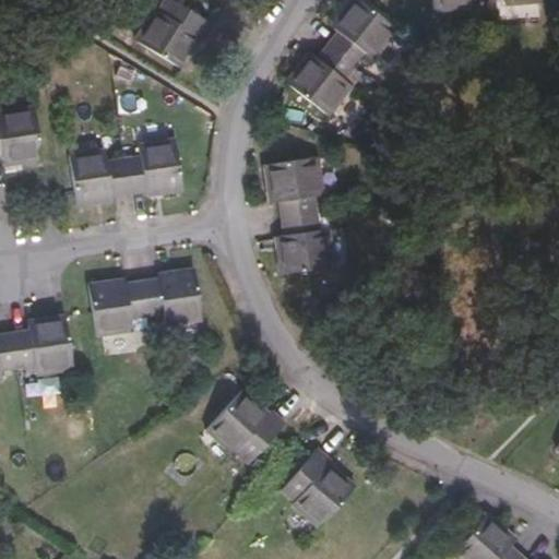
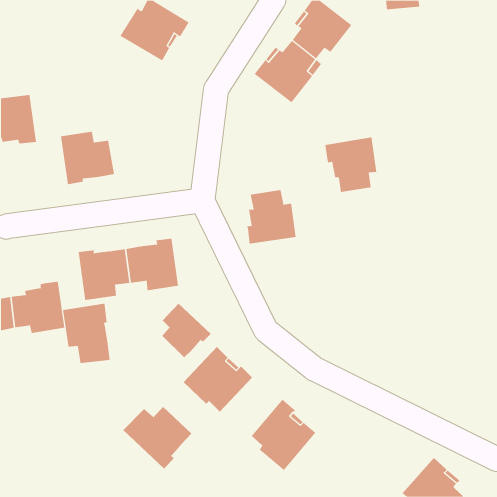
building: [122,138,182,195] -> none
building: [263,156,322,218] -> [325,137,377,192]
building: none -> [63,303,110,364]
building: none -> [161,303,212,358]
building: none -> [123,406,192,470]

